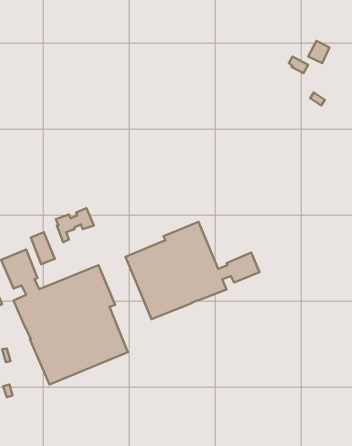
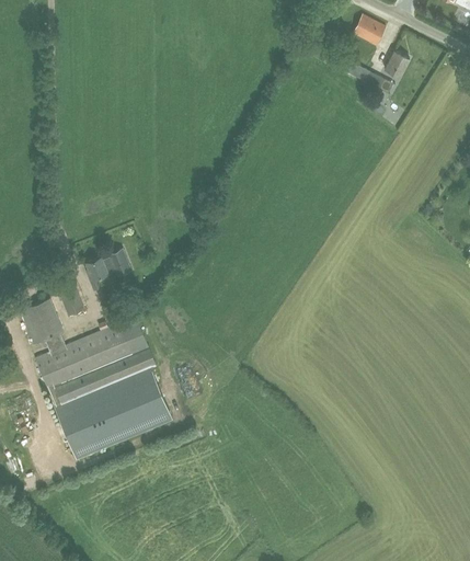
building: none -> [353,14,386,45]
building: [126,222,259,319] -> none

